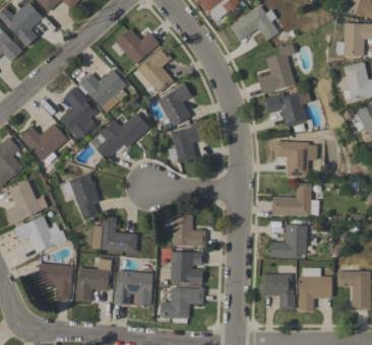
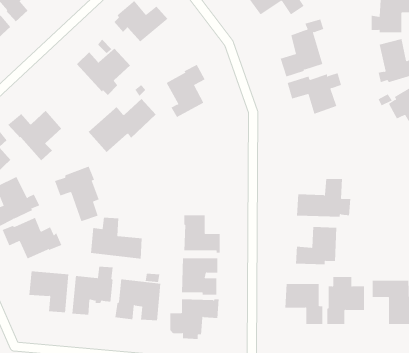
building: [136,47,174,96] -> none
building: [59,86,98,140] -> none
building: [168,123,206,162] -> none
building: [274,141,315,177] -> none

